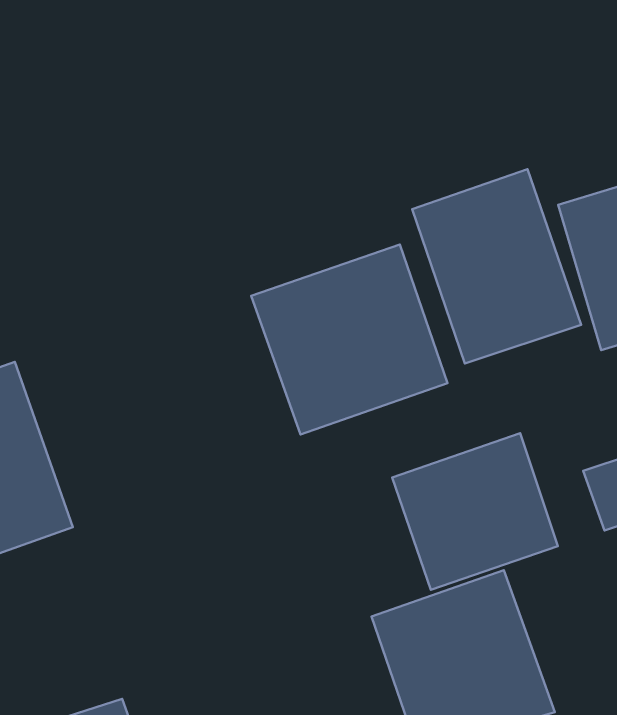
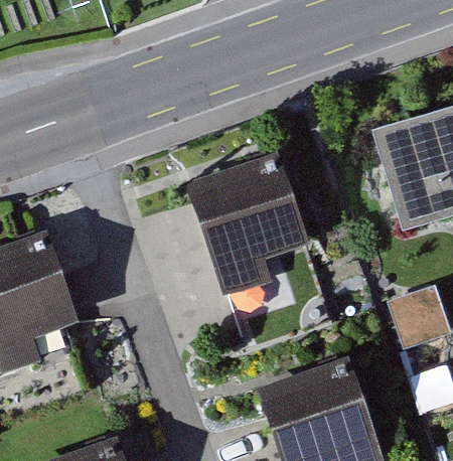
building: [412,169,581,363] -> none
building: [392,433,558,590] -> none

